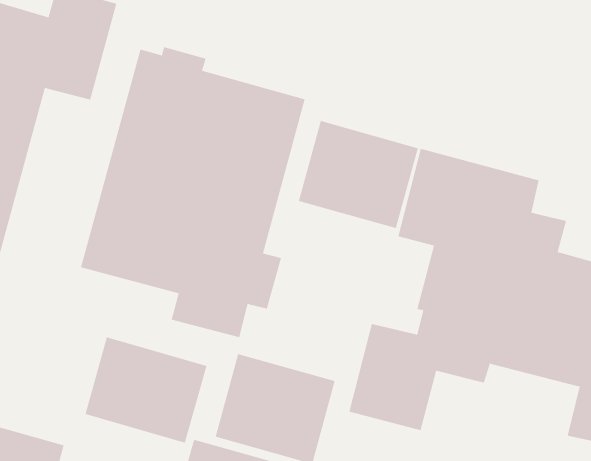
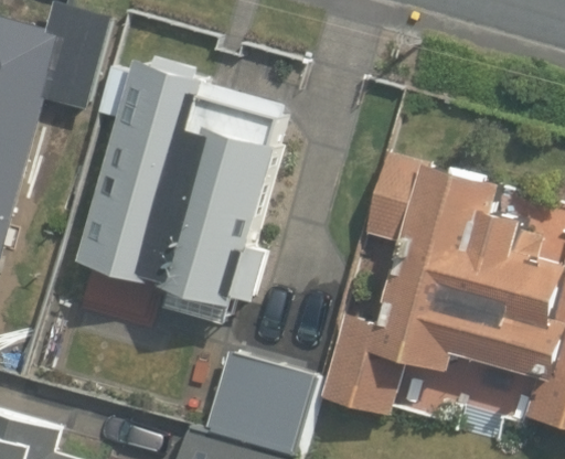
building: [298,120,418,229] -> none
building: [85,337,207,443] -> none

